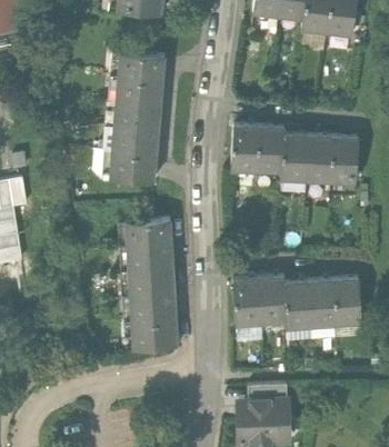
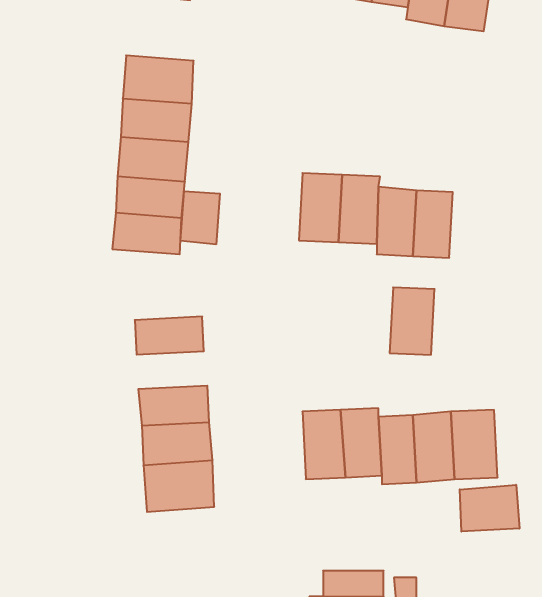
building: none -> [180,191,220,244]
building: [328,140,357,183] -> [390,287,435,355]
building: [127,242,172,267] -> none
building: none -> [460,485,519,532]

